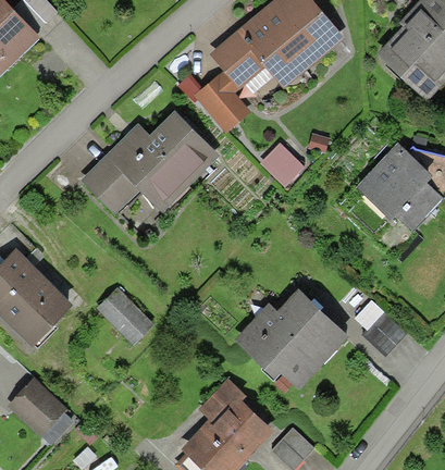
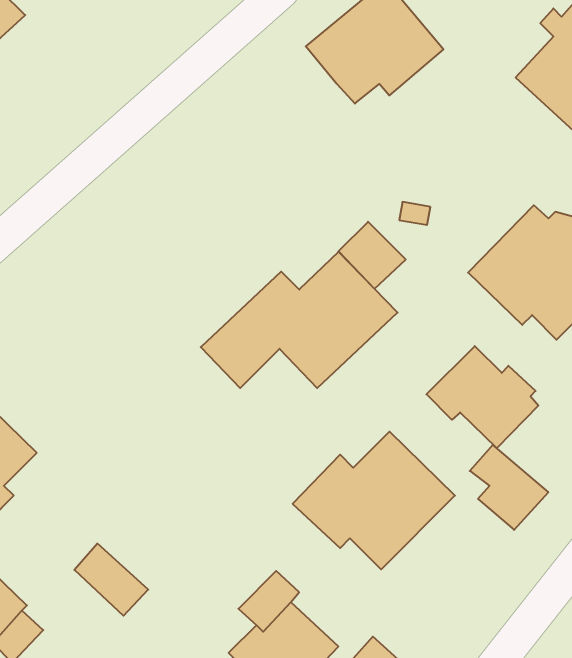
building: [217,32,265,82] -> none
building: [197,78,243,125] -> none
building: [82,115,212,206] -> [201,252,398,388]
building: none -> [426,346,538,448]
building: [99,292,148,339] -> [74,544,148,616]

